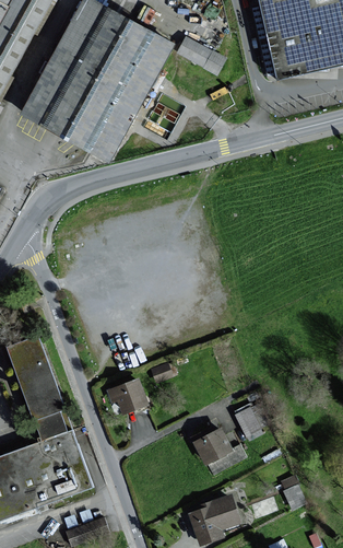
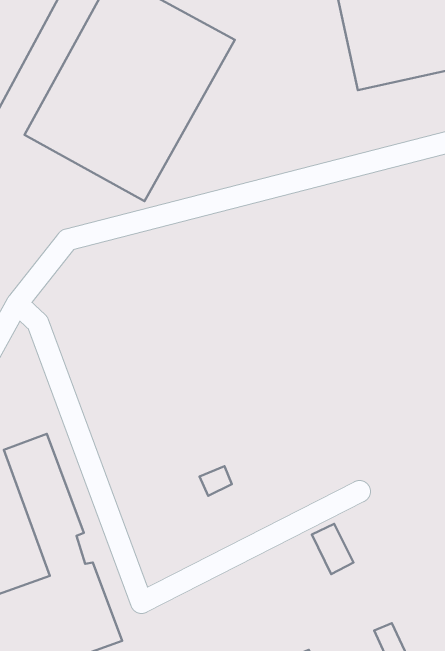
building: [177,37,225,73] -> none
building: [106,378,149,415] -> none
building: [192,427,232,463] -> none

